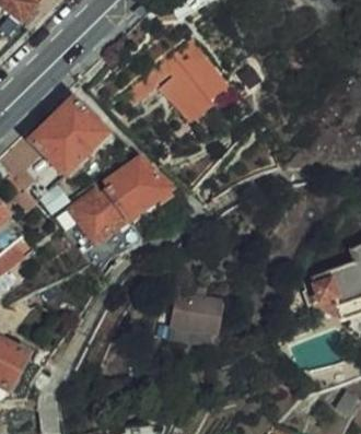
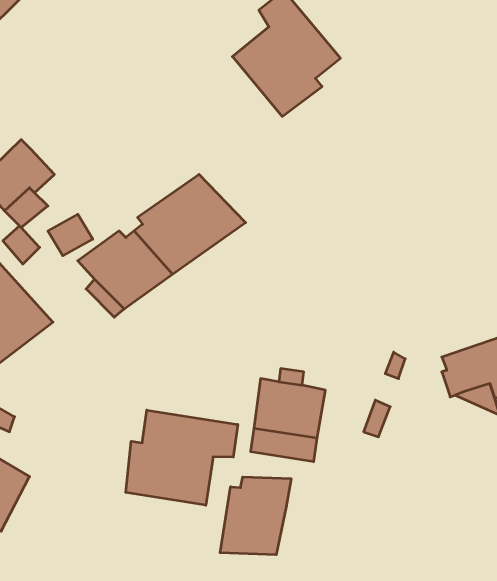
building: [28,99,105,175] -> none
building: none -> [126,410,238,505]
building: none -> [220,477,291,555]

